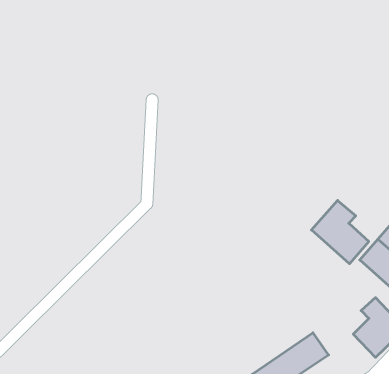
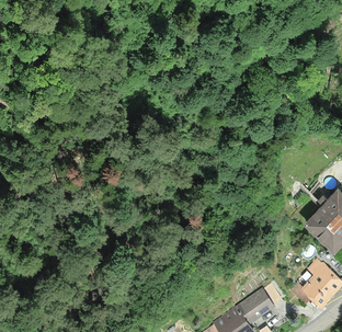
building: [311,200,369,264] -> none

